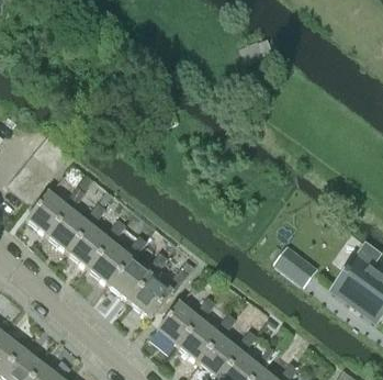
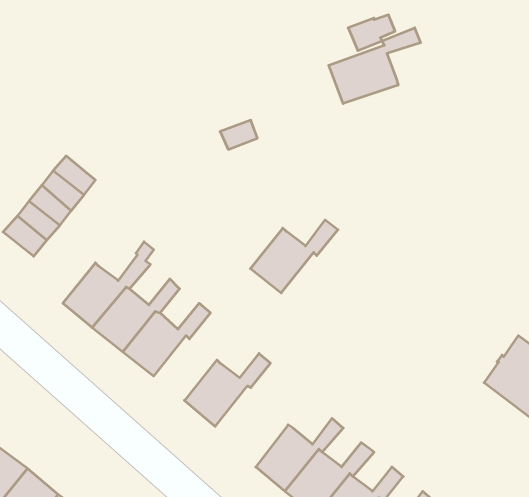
building: none -> [329,28,421,104]
building: [26,185,86,234] -> none
building: [274,247,315,284] -> none
building: [109,250,168,300] -> [250,220,338,293]
building: [157,297,216,345] -> none

